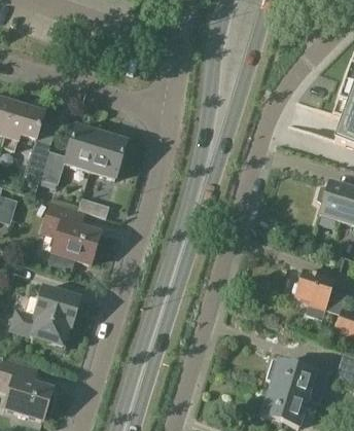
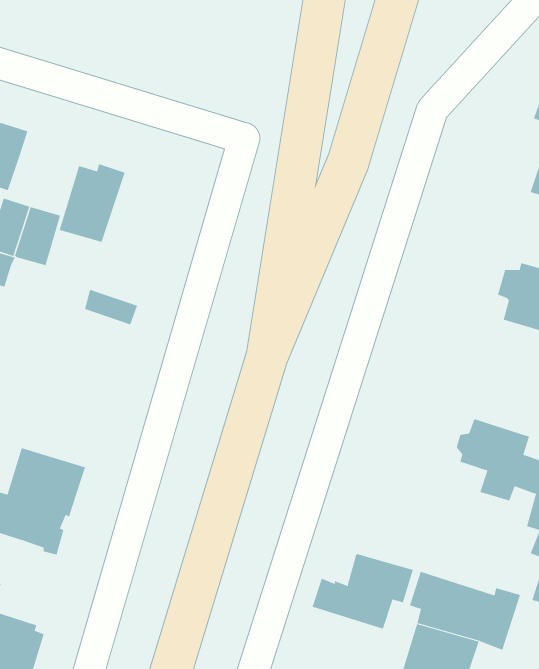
building: [91,131,128,179] -> none
building: [40,200,102,265] -> none
building: none -> [312,553,414,629]

